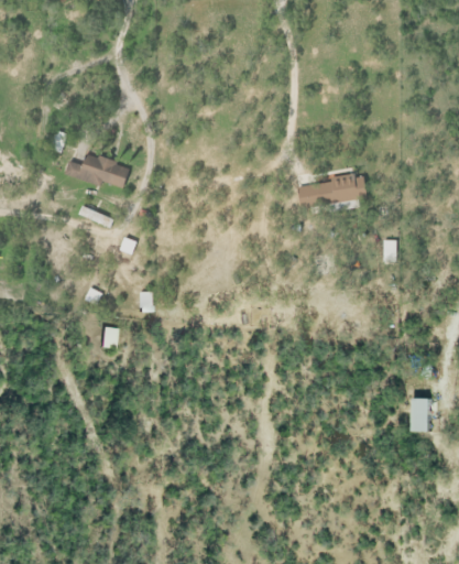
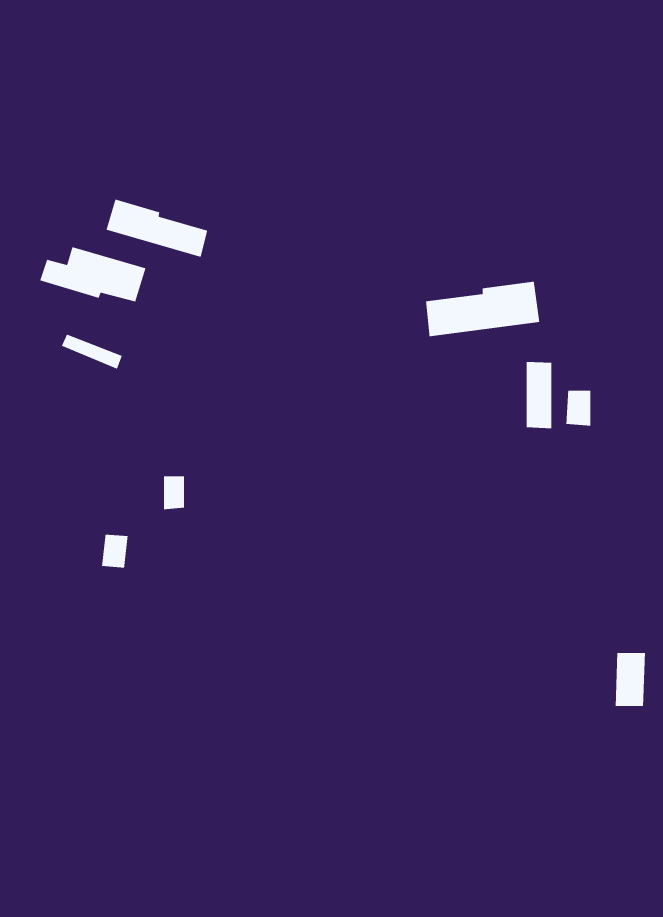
building: none -> [106,198,208,258]
building: none -> [526,361,552,429]

